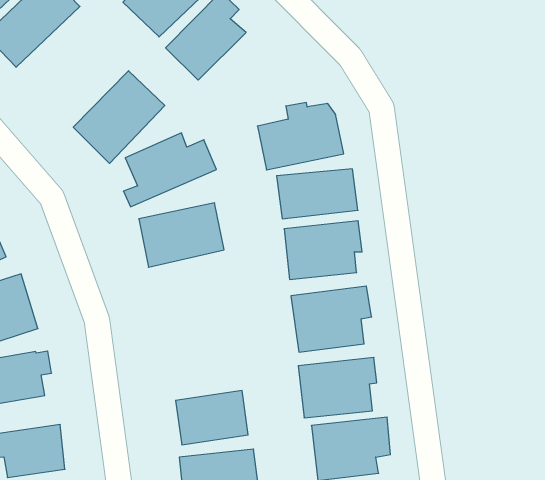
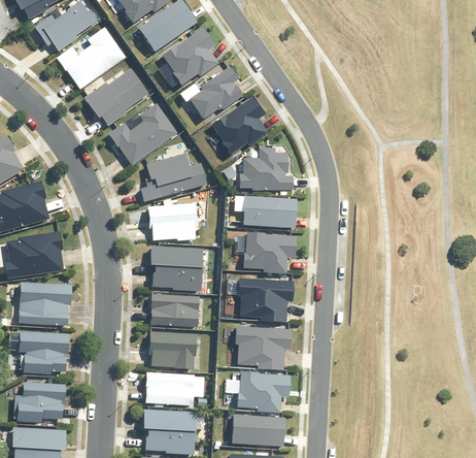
building: none -> [87,67,157,132]
building: none -> [207,95,268,158]
building: none -> [151,251,201,292]
building: none -> [148,299,198,327]

